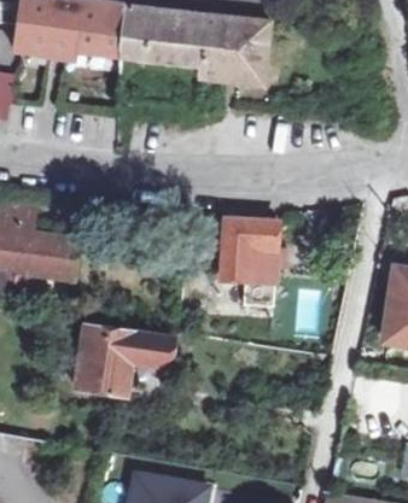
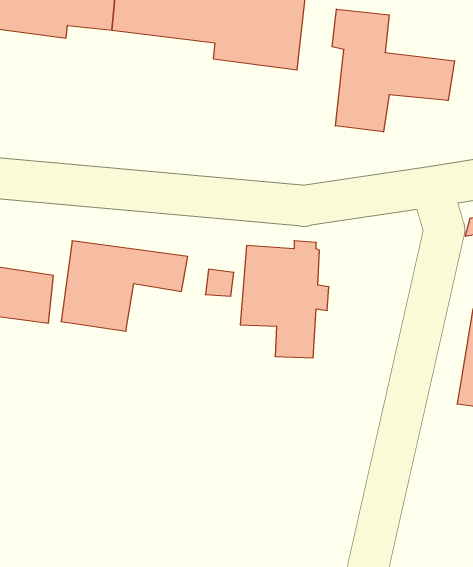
building: none -> [332,9,454,132]
building: [78,327,175,396] -> [61,241,188,331]

